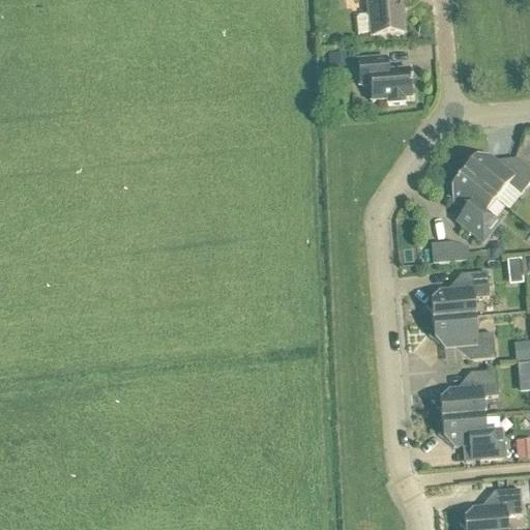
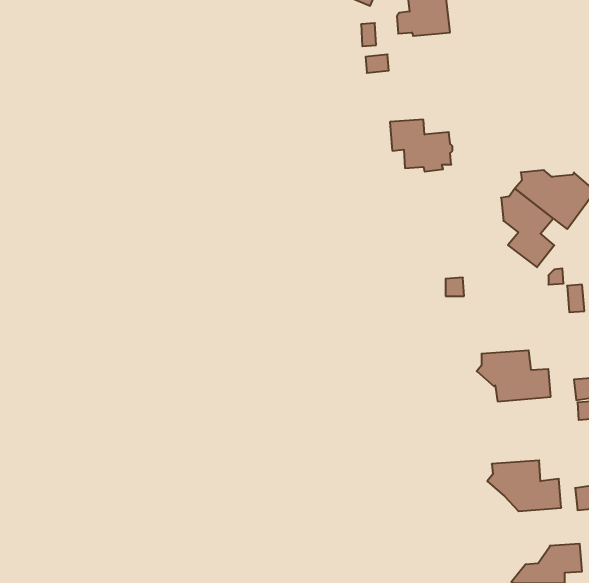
building: [357,54,413,100] -> [390,120,452,172]
building: [433,239,470,261] -> none
building: [426,268,490,317] -> none
building: [435,367,499,415] -> none

